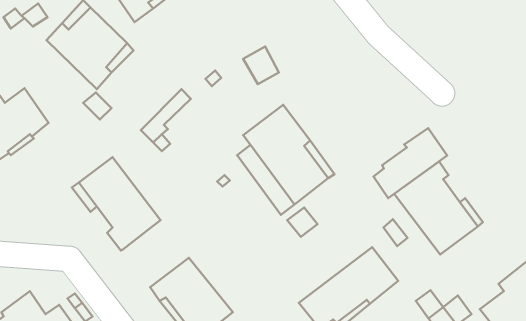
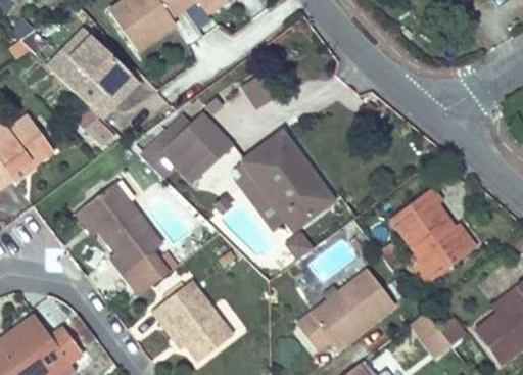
building: none -> [165,116,229,181]
building: [373,128,447,198] -> none
building: none -> [126,253,180,295]

